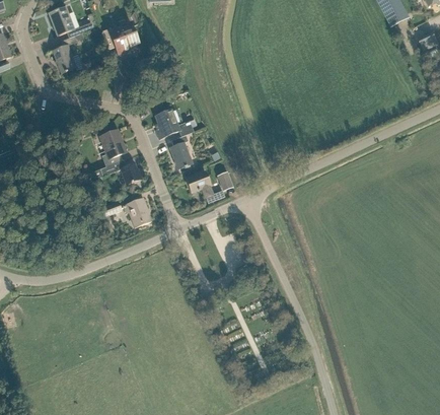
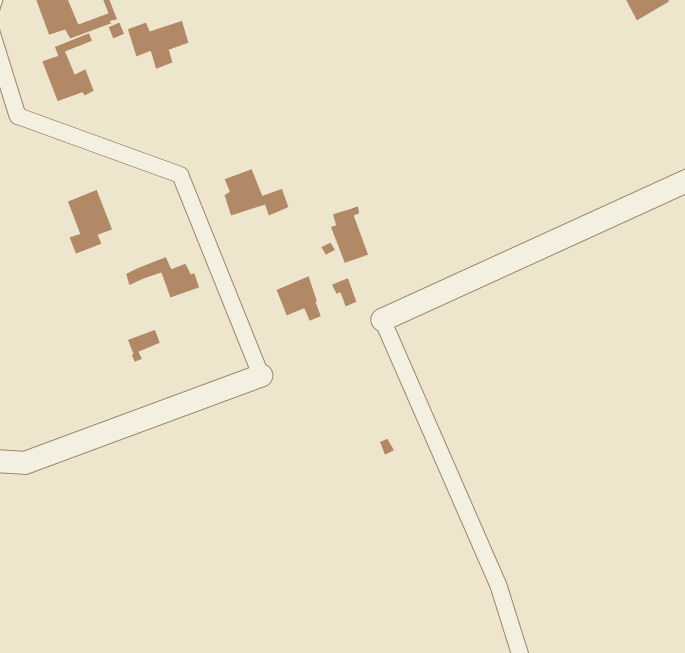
building: [100,129,127,166] -> [67,189,113,255]
building: [169,135,192,168] -> [330,205,369,264]
building: [122,198,149,226] -> none

